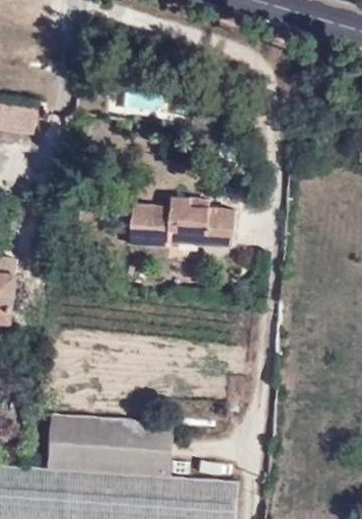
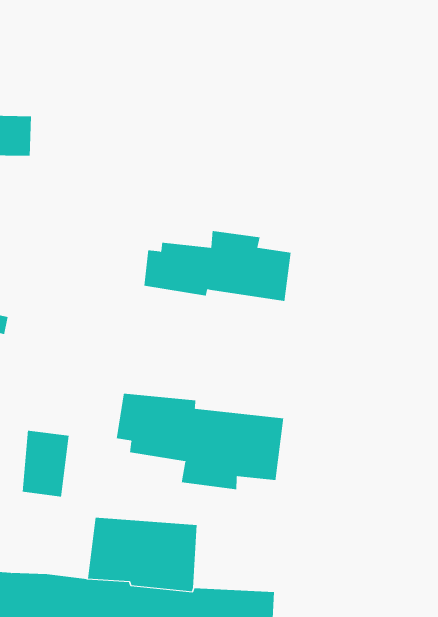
building: none -> [116,393,284,490]
building: [50,418,87,470] -> [22,430,70,497]

